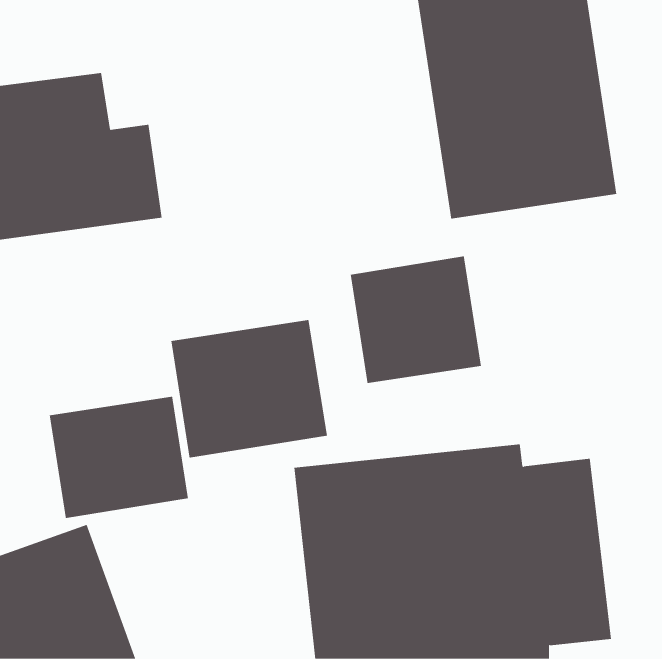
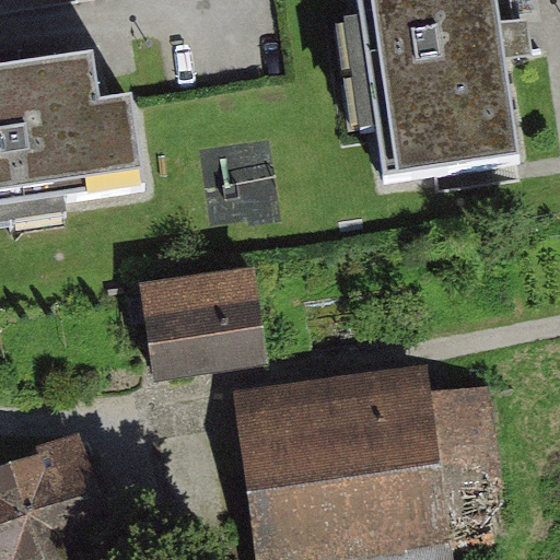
building: [350,256,482,384] -> none
building: [49,396,189,519] -> none

